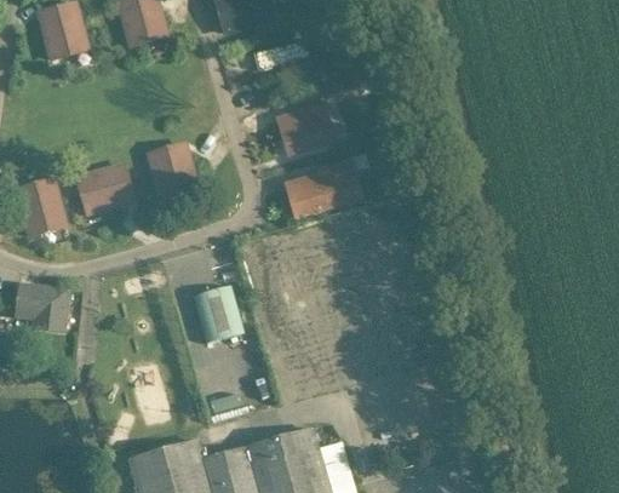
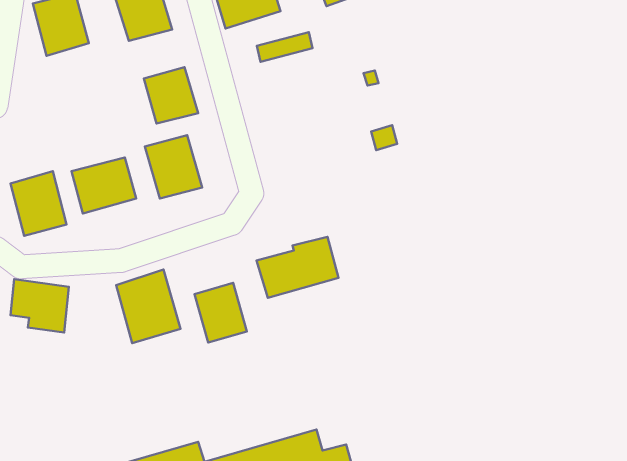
building: none -> [144,67,198,124]
building: [275,102,337,156] -> none
building: [282,159,362,218] -> [257,237,339,298]
building: none -> [116,269,180,343]

